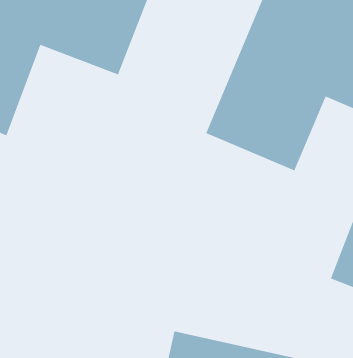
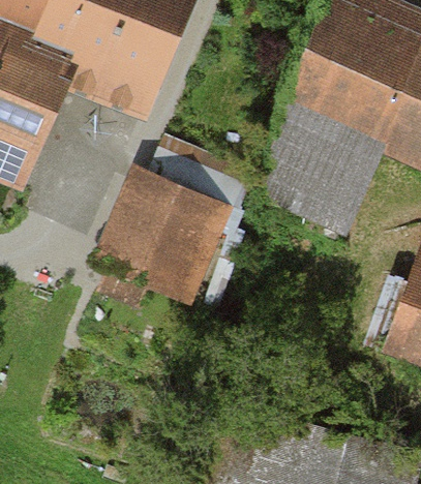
building: none -> [97,160,234,301]

